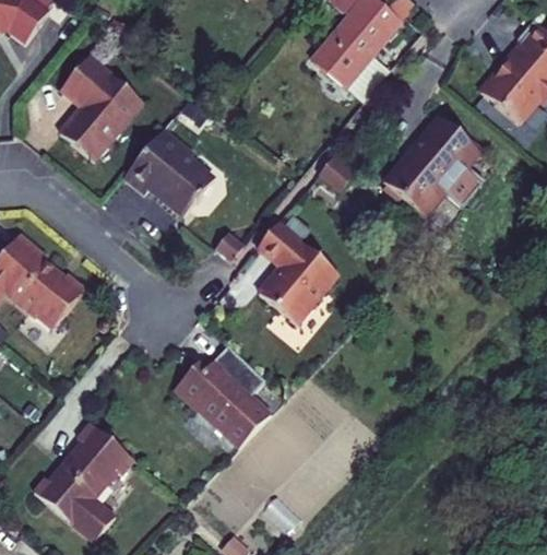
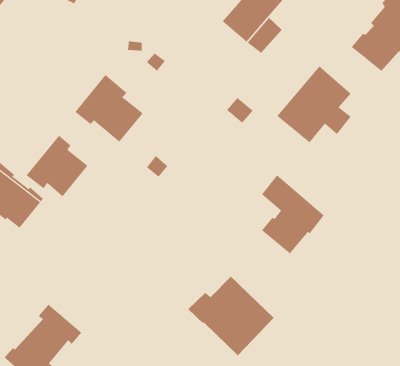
building: [61,55,142,158] -> none
building: none -> [26,135,88,197]
building: [258,222,338,323] -> [261,175,324,254]
building: [174,345,285,448] -> [187,276,274,356]

